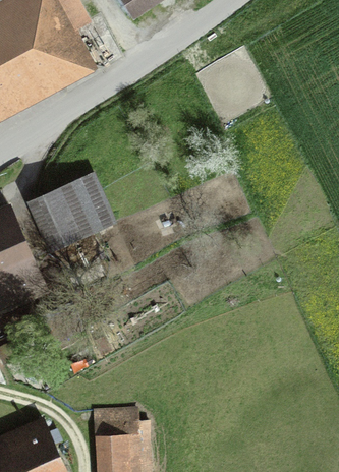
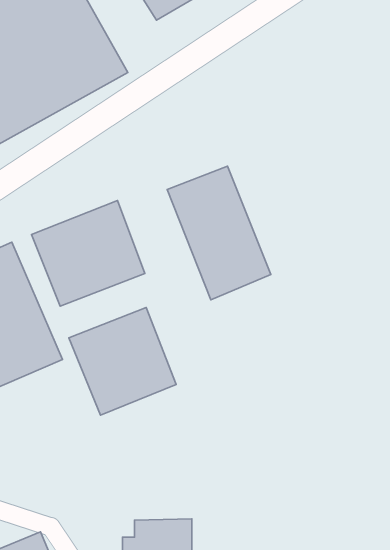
building: none -> [167,166,271,300]
building: none -> [69,307,176,415]

